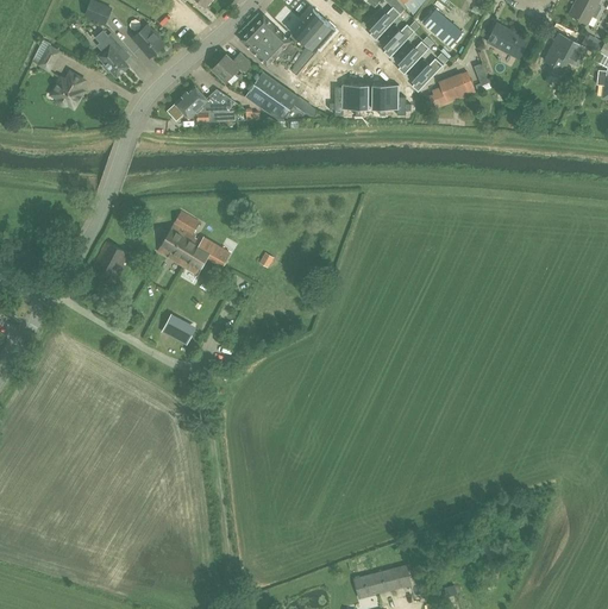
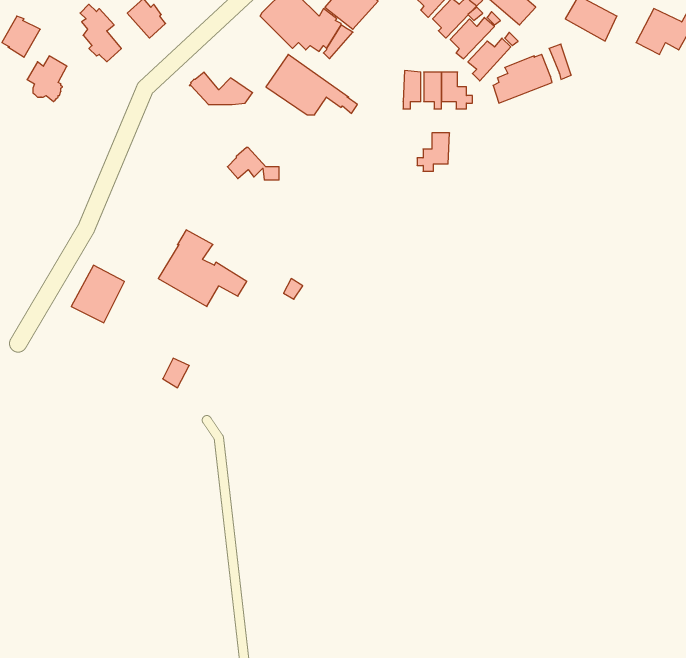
building: [212,52,252,81] -> none
building: [331,83,357,114] -> [417,133,450,171]
building: [168,95,209,121] -> [227,148,279,180]

